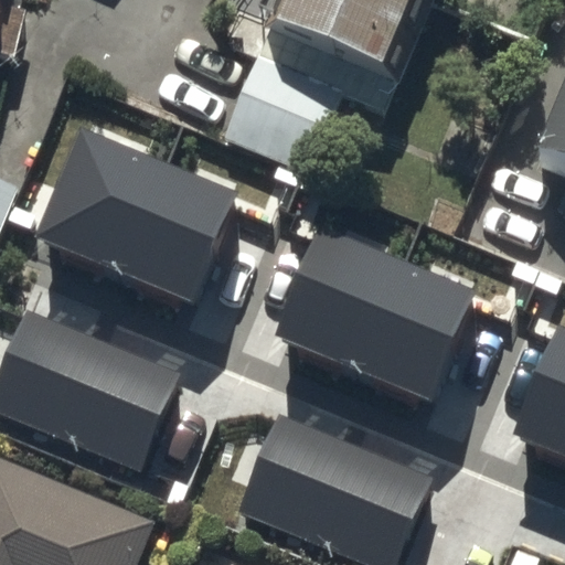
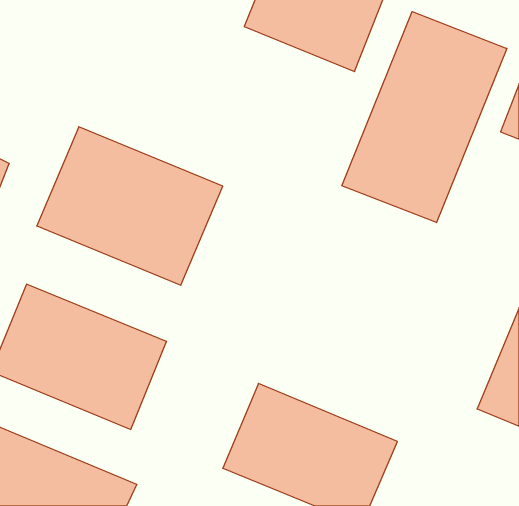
building: none -> [342,12,507,223]
building: [218,55,338,177] -> none
building: [278,236,478,406] -> none

